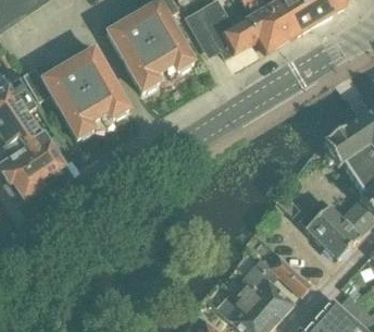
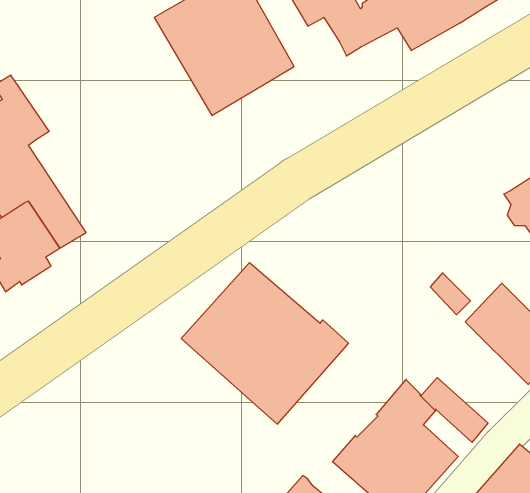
building: [24,49,128,139] -> none
building: none -> [181,263,348,424]

